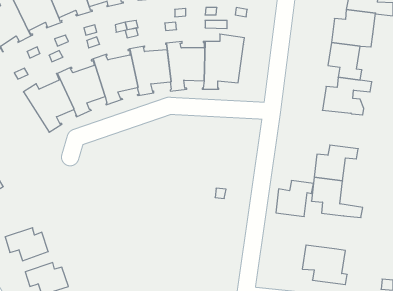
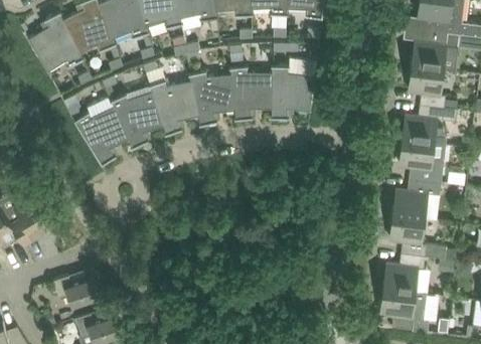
building: none -> [398,142,444,184]
building: [276,181,313,216] -> [383,254,425,294]

